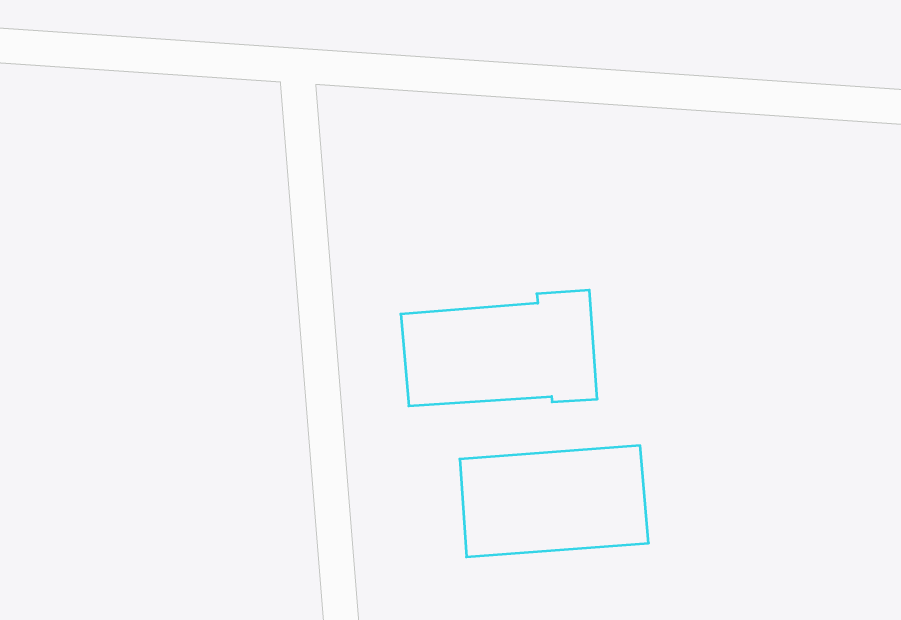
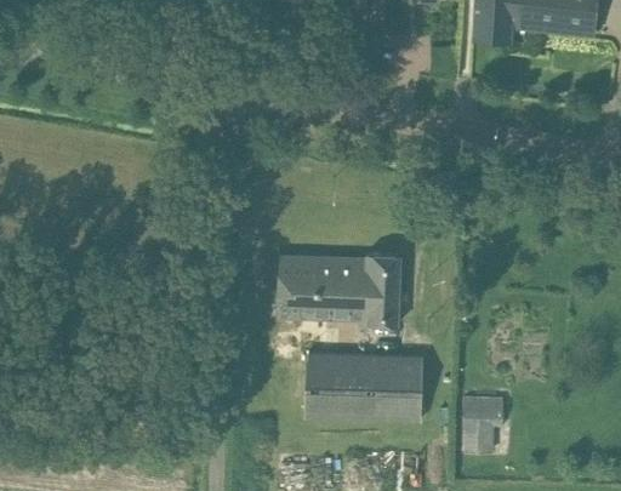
building: none -> [463,398,503,452]

